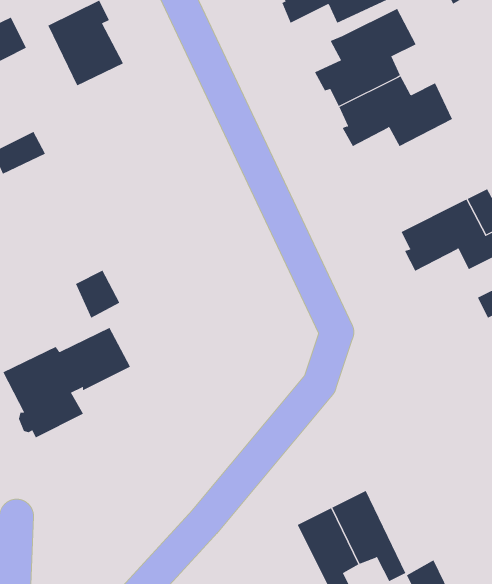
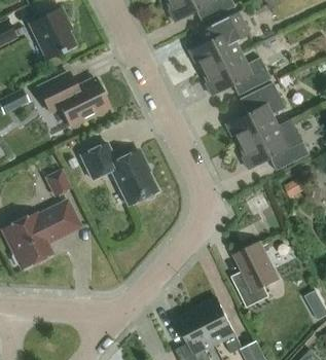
building: none -> [36,76,109,127]
building: none -> [224,82,284,145]
building: none -> [80,142,156,205]
building: none -> [234,242,278,308]

